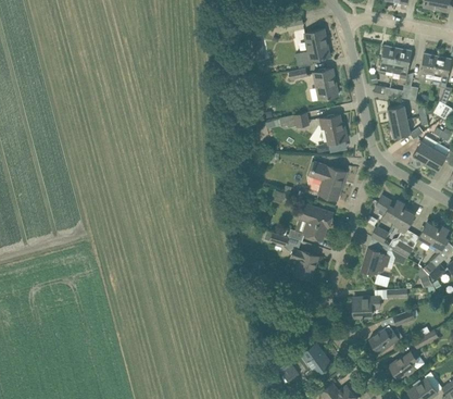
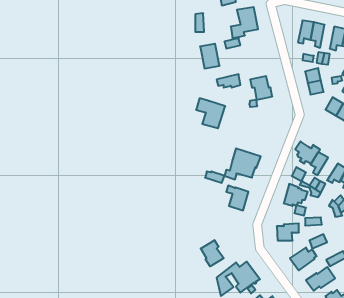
building: [314,68,338,99] -> [200,44,220,68]
building: [311,162,347,199] -> [196,98,225,128]
building: none -> [201,240,224,266]

